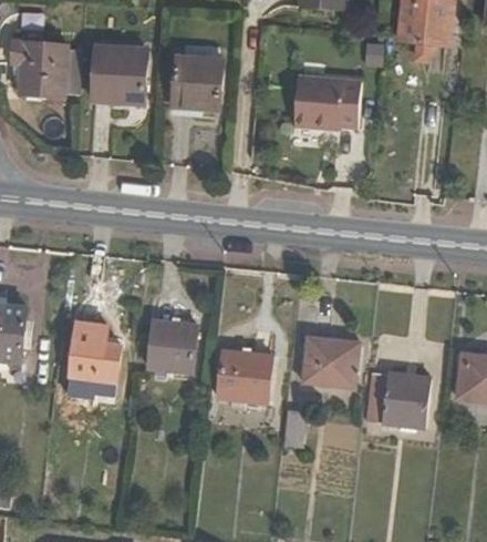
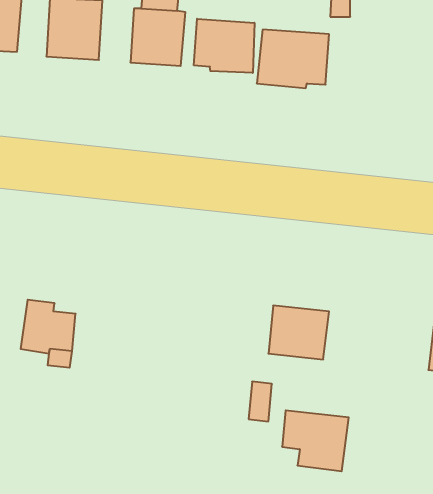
building: none -> [194,19,254,73]
building: [148,319,199,375] -> none
building: [217,349,272,403] -> none
building: [366,371,429,429] -> [282,410,349,471]

